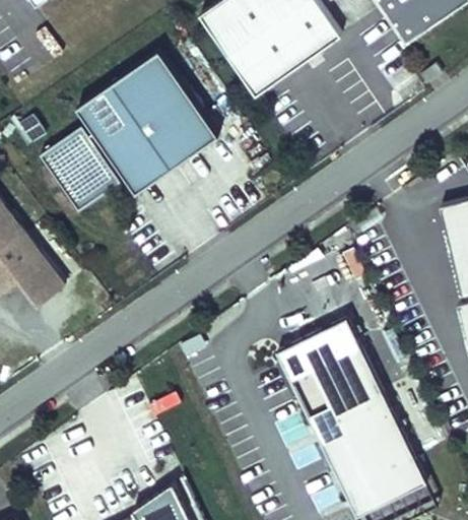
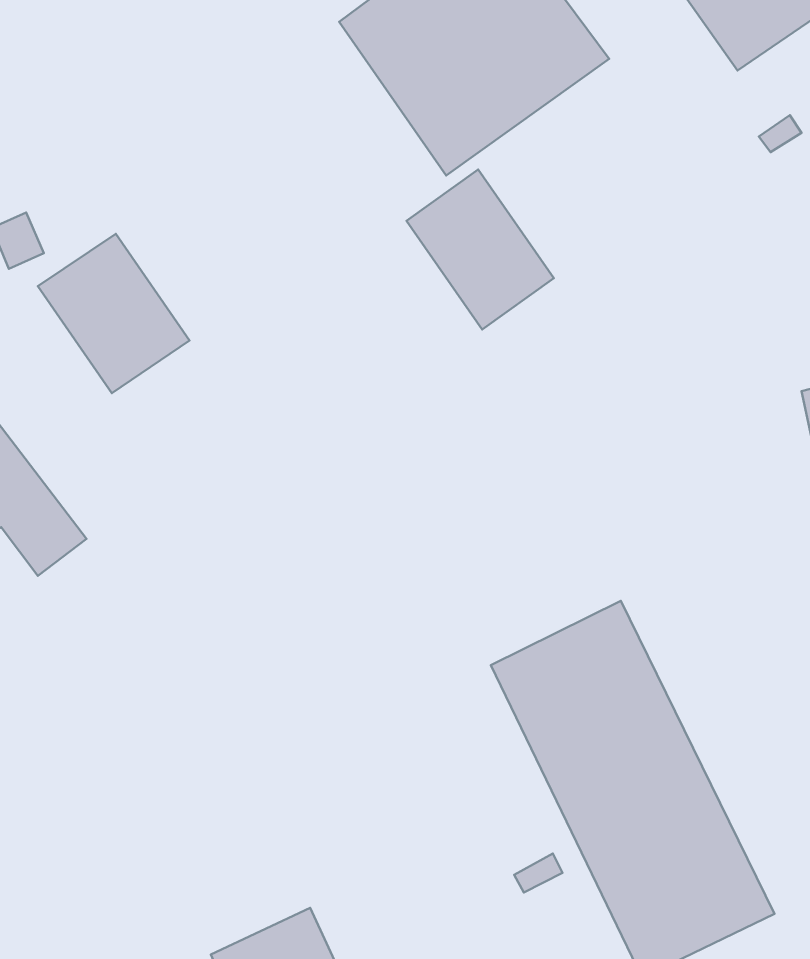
building: [78,51,217,191] -> none
building: none -> [406,170,554,329]

